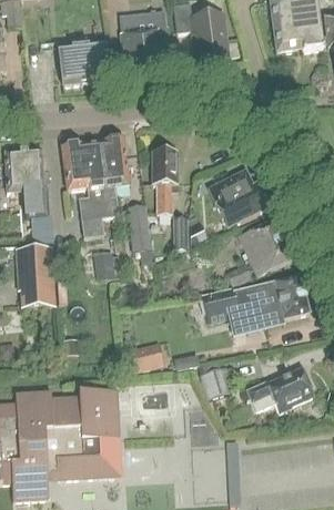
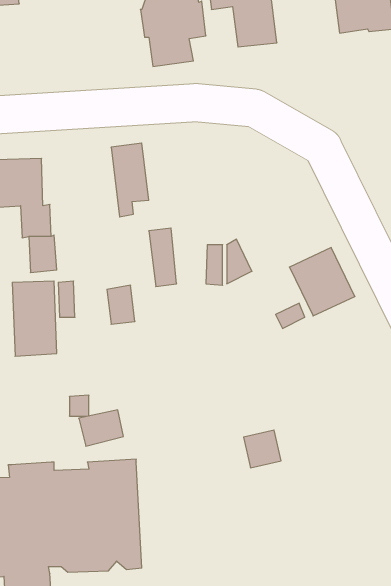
building: [59,35,108,85] -> none
building: [62,141,117,235] -> none
building: [150,150,178,214] -> none
building: [208,170,266,226] -> none
building: [202,275,308,324] -> none
building: [129,343,164,371] -> [79,410,123,446]
building: [247,368,312,411] -> none

